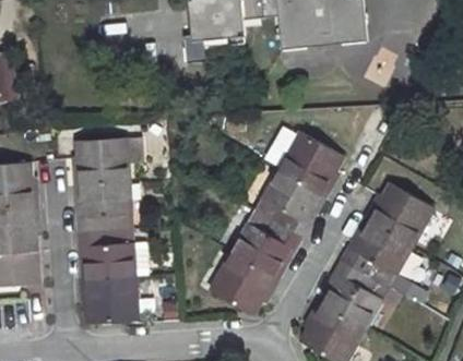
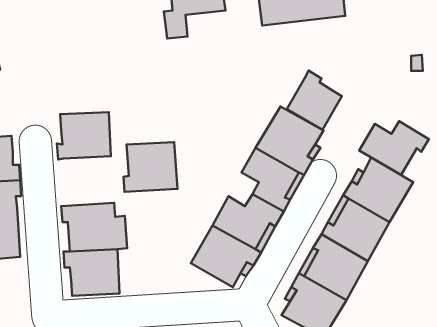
building: none -> [287,71,342,130]
building: none -> [359,121,429,175]
building: [78,182,132,232] -> [123,142,177,192]

